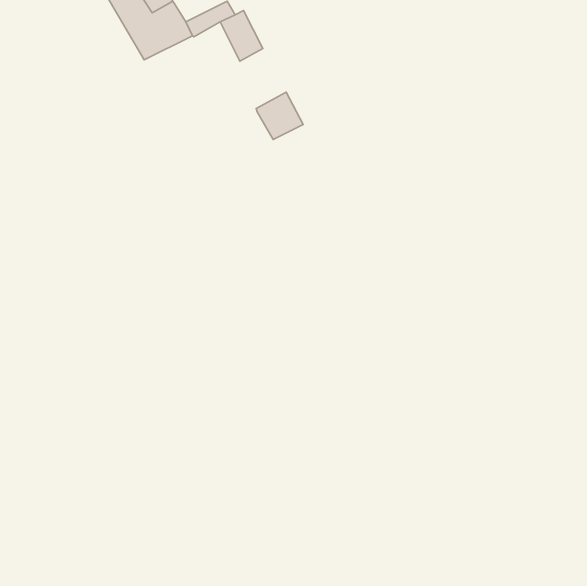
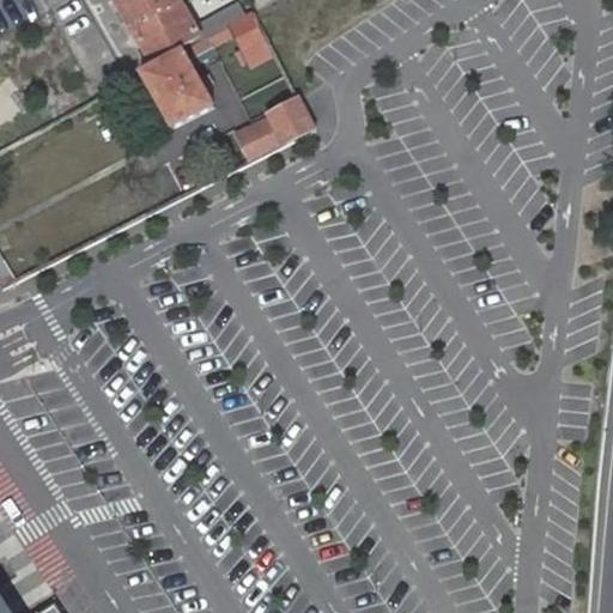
building: none -> [140,49,212,126]
building: none -> [235,116,284,162]

